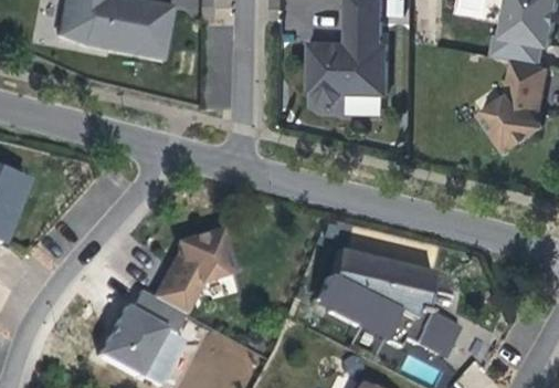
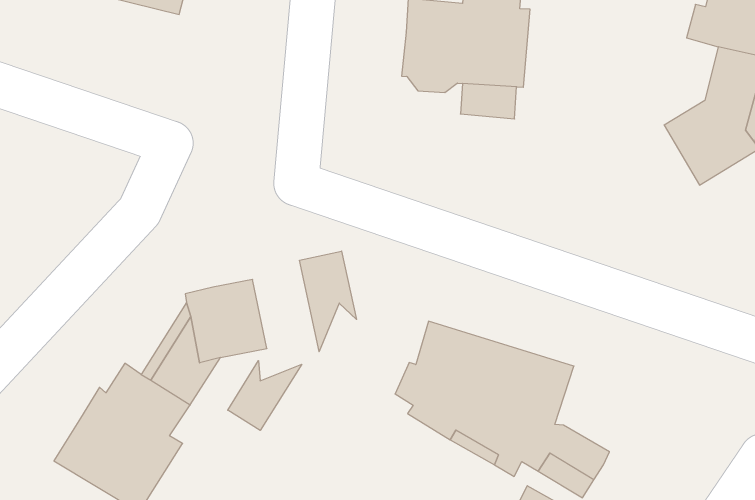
building: none -> [300,251,357,352]
building: none -> [228,361,302,430]

